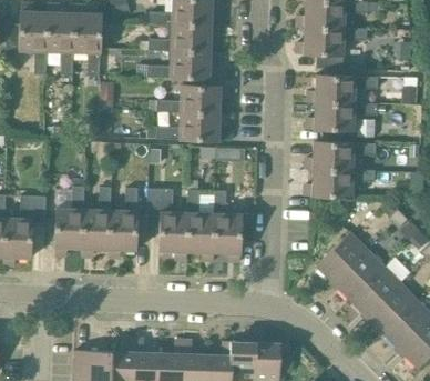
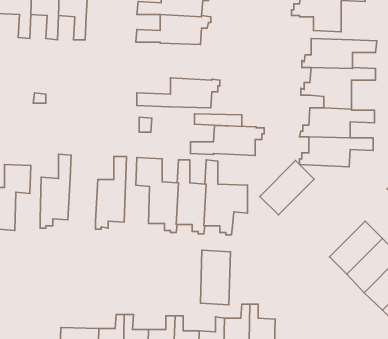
building: [157,86,228,114] -> [190,126,264,156]
building: [81,187,111,258] -> none
building: [315,232,367,284] -> [260,161,314,215]
building: none -> [201,250,230,305]

